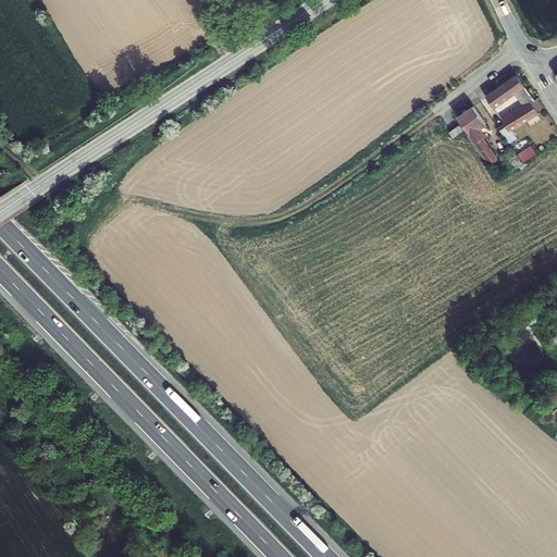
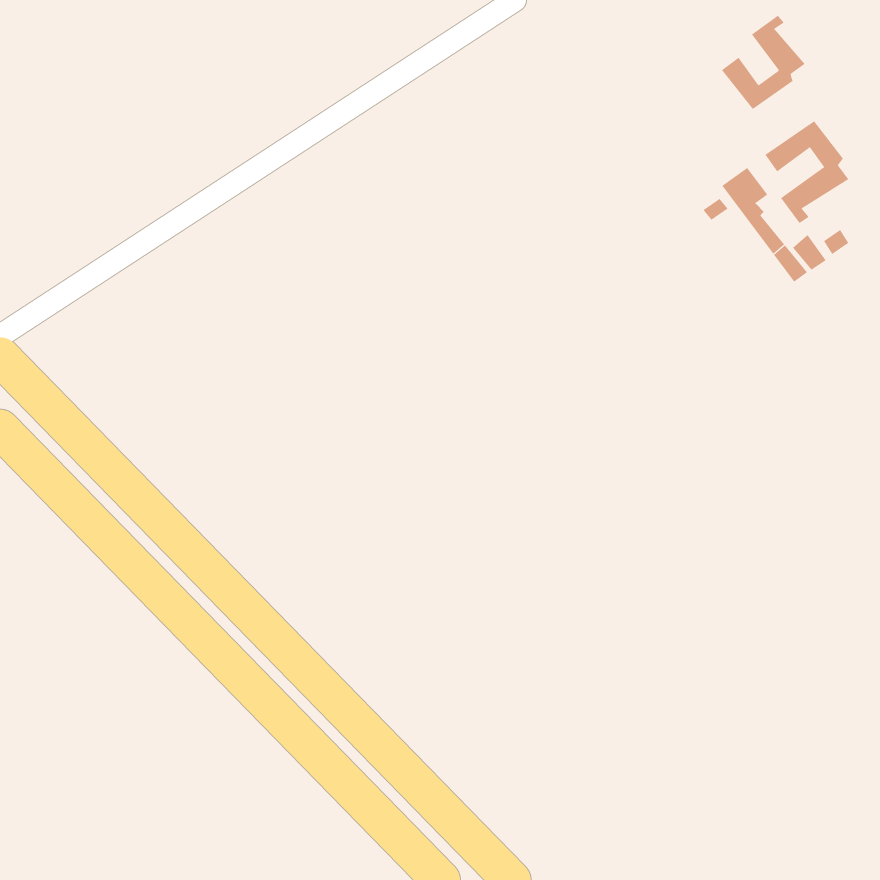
building: none -> [721,15,806,110]

